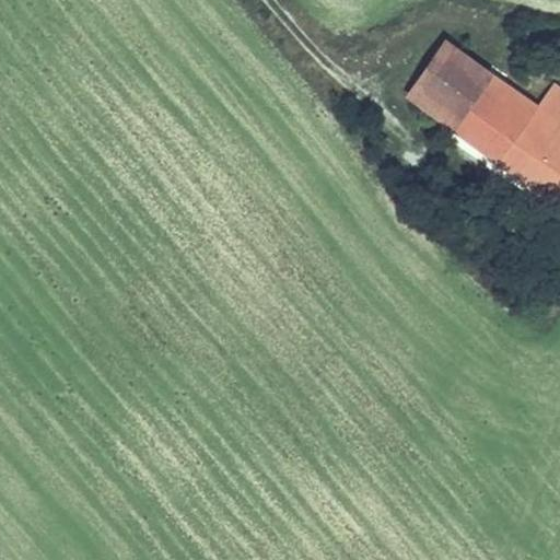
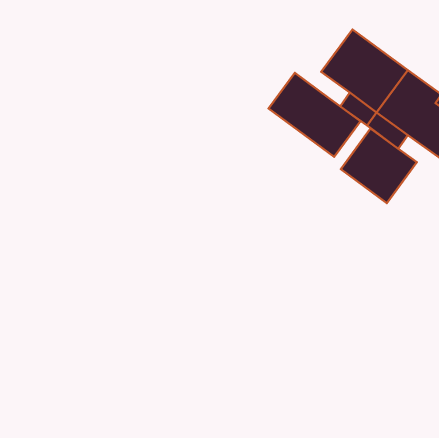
building: none -> [268,73,360,157]
building: none -> [341,128,417,203]

